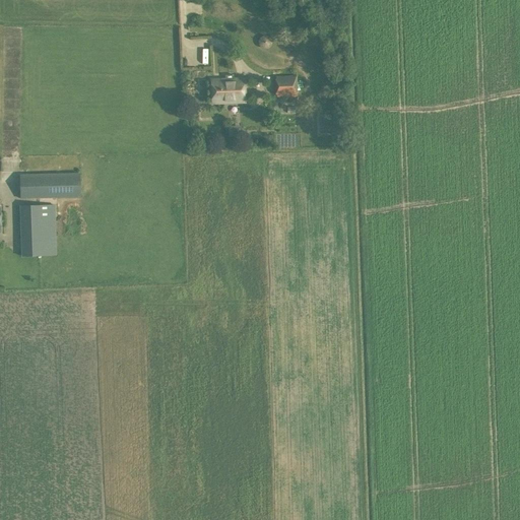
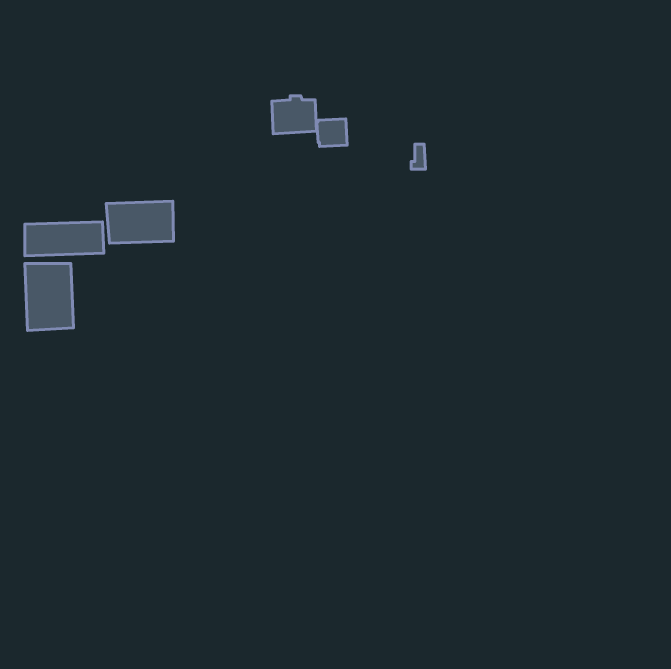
building: [274,75,298,96] -> [317,119,347,146]
building: none -> [106,201,173,243]

